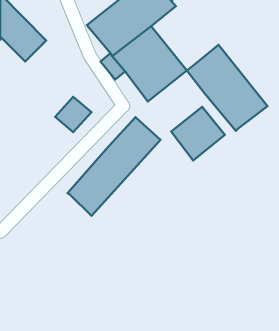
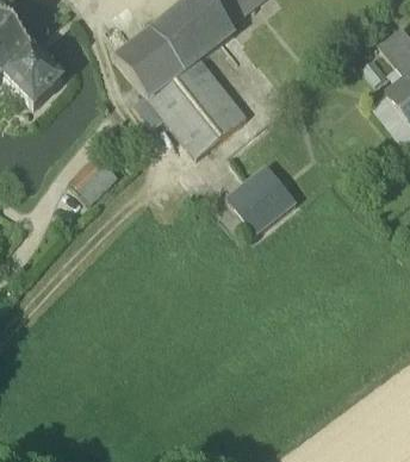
building: [187,45,267,131] -> none
building: [67,117,160,216] -> none

